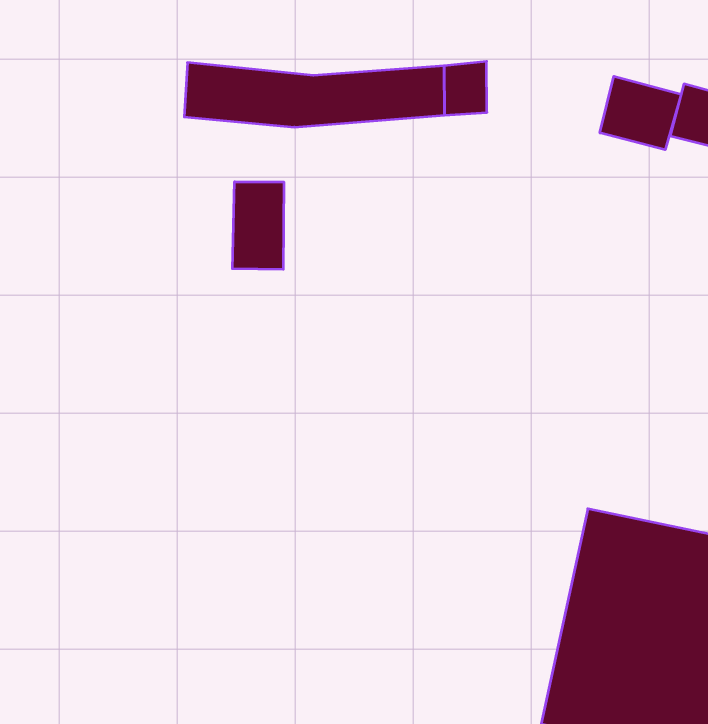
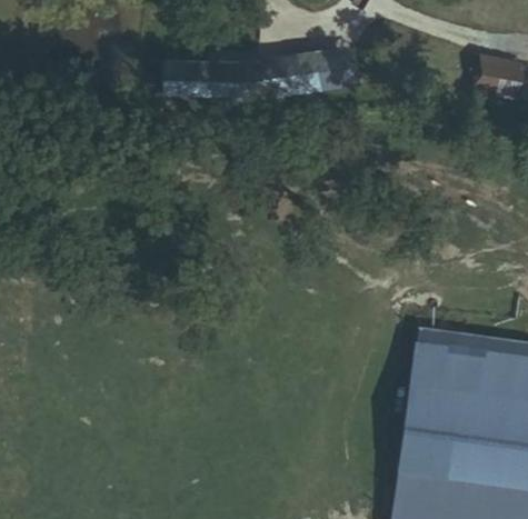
building: [600,76,681,150] -> none
building: [232,182,284,269] -> none

